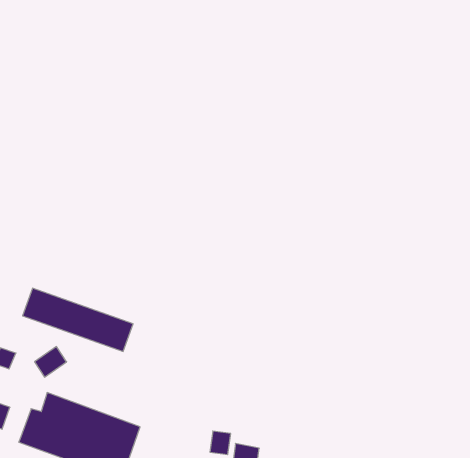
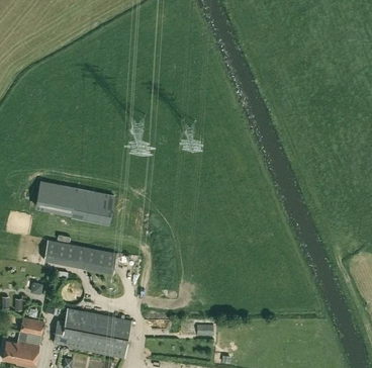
building: none -> [37,182,115,219]

